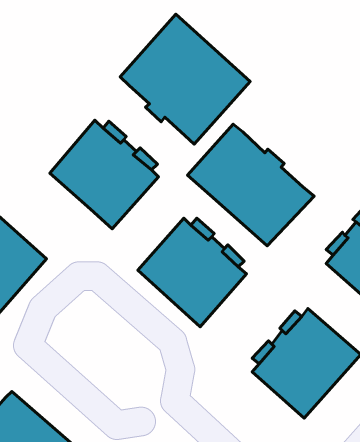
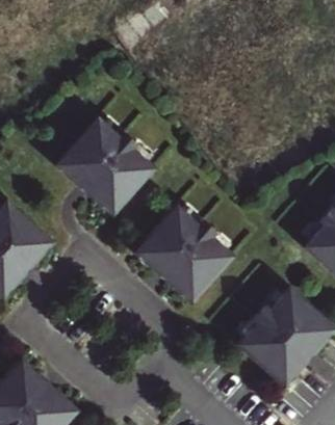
building: [120,14,250,144] -> none
building: [188,124,314,246] -> none

